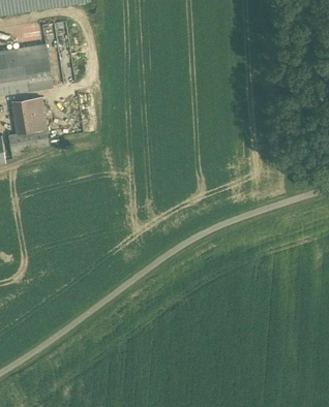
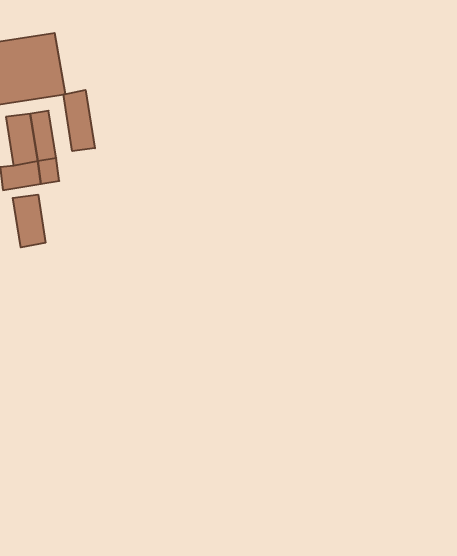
building: none -> [63,90,95,151]
building: none -> [13,195,45,247]

